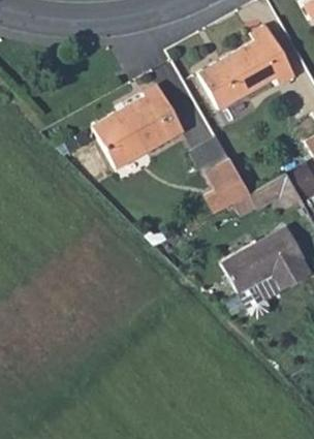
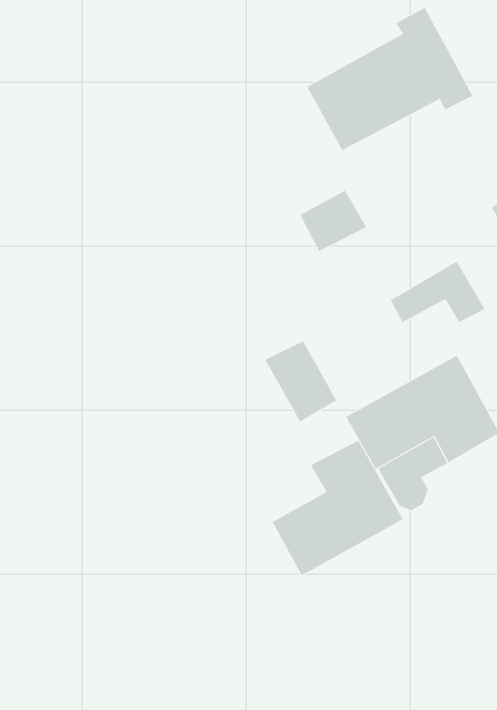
building: [93,86,184,166] -> none
building: [208,159,250,207] -> [264,340,337,422]
building: none -> [271,440,403,576]

